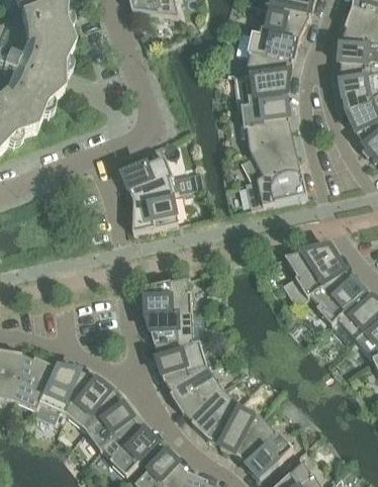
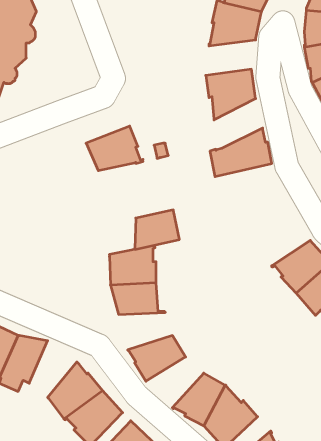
building: [244,71,290,105] -> none
building: [241,129,297,181] -> none
building: [132,193,177,232] -> [135,210,179,249]
building: [284,246,345,303] -> none
building: [154,343,207,380] -> none
building: [65,371,112,427] -> none
building: [181,387,239,437] -> none

